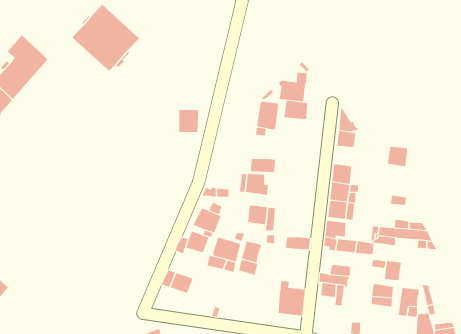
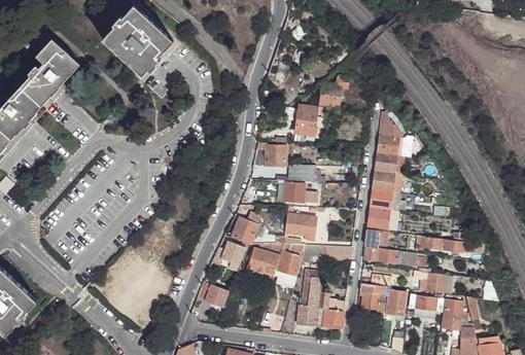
building: [284,100,307,120] -> none
building: [178,110,199,132] -> [264,144,285,168]
building: [387,146,408,167] -> [374,153,395,175]
building: none -> [296,271,321,327]
building: none -> [386,292,406,317]

